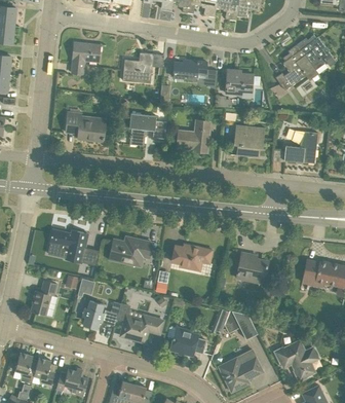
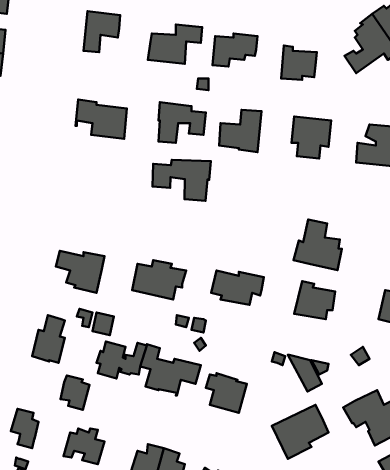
building: none -> [152,160,211,201]
building: none -> [294,220,342,270]
building: [33,358,55,384] -> [60,376,89,410]

